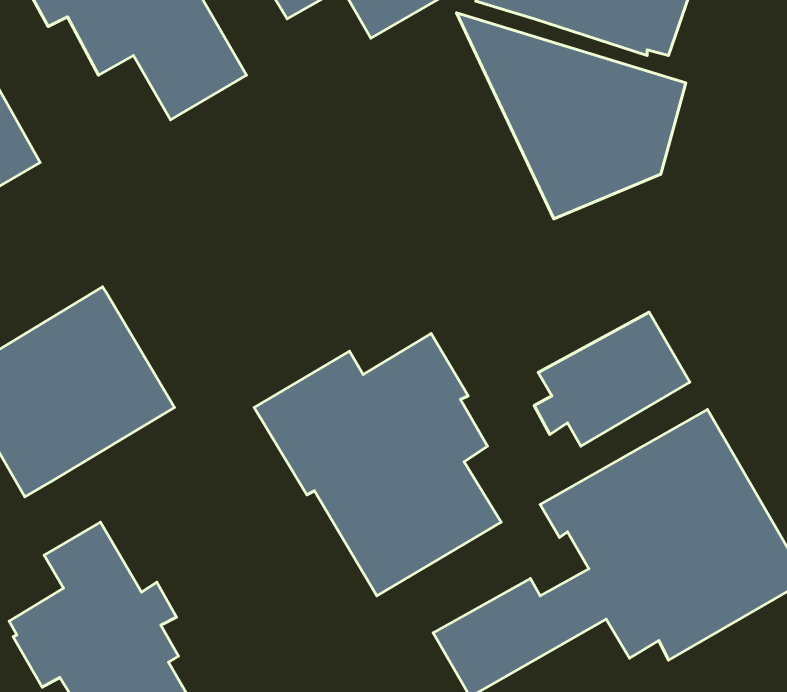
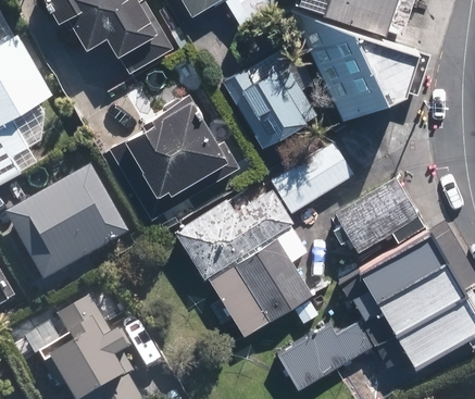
building: none -> [223,60,318,148]
building: none -> [109,93,240,219]
building: none -> [271,144,352,213]

